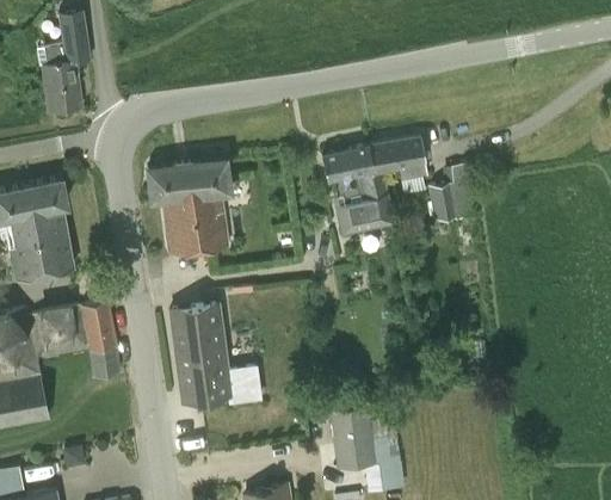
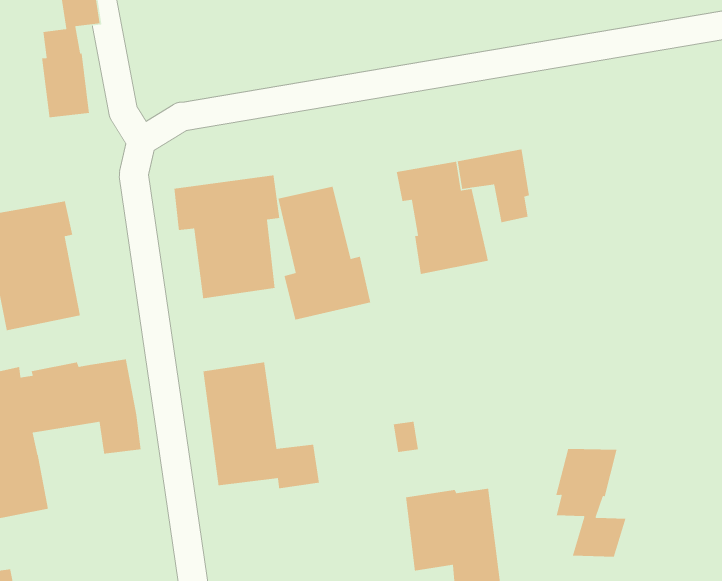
building: none -> [277,186,371,320]
building: [427,179,474,222] -> none
building: none -> [555,448,626,558]

